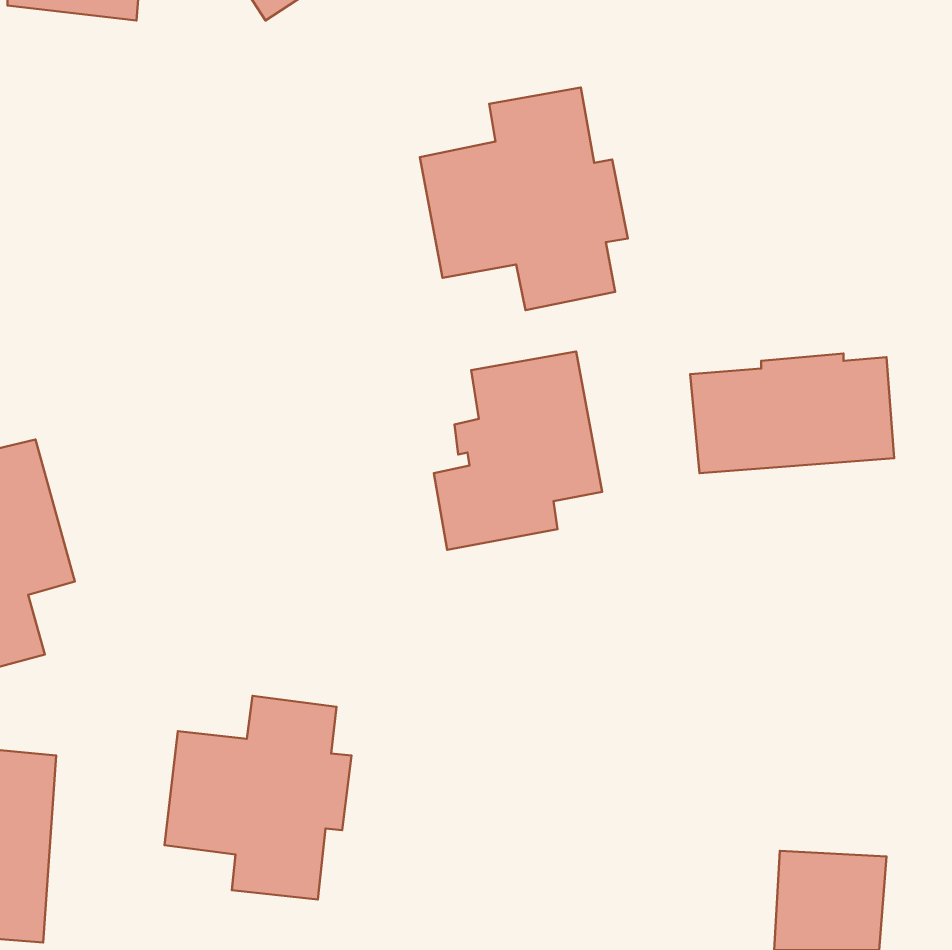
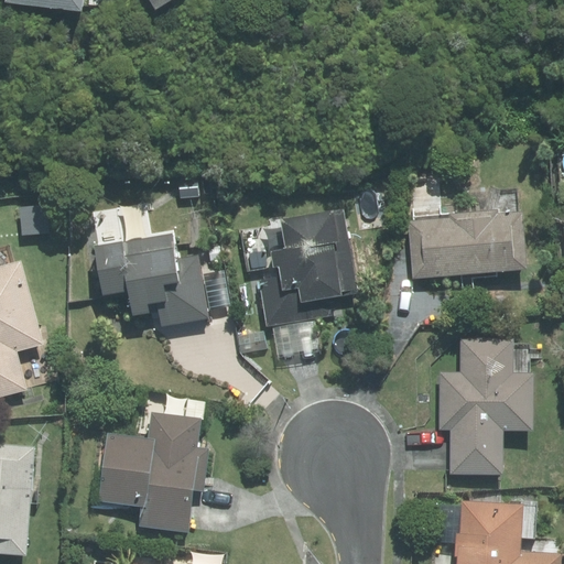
building: [420,87,628,310] -> none
building: none -> [95,234,208,324]
building: none -> [438,338,534,475]

